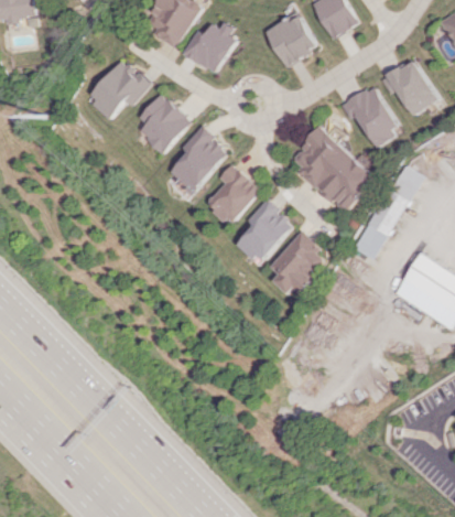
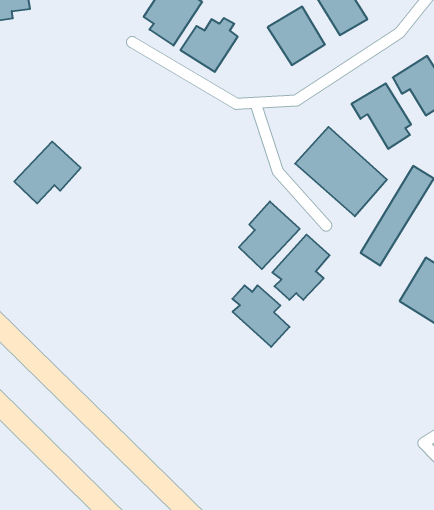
building: [84,58,148,118] -> [14,142,81,203]
building: [136,93,189,153] -> none
building: [167,126,228,193] -> none
building: [204,163,259,225] -> none
building: none -> [232,285,290,347]

